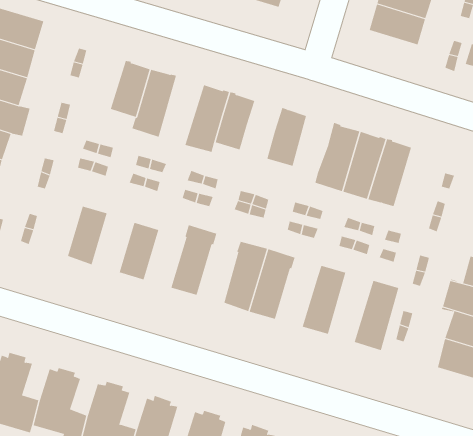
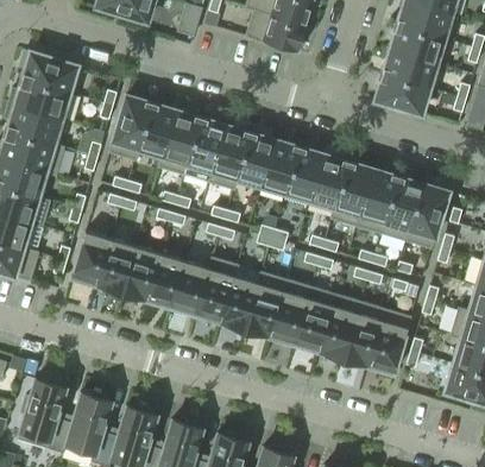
building: none -> [376,75,429,114]
building: none -> [111,96,153,160]
building: none -> [185,118,227,183]
building: none -> [262,141,301,196]
building: none -> [311,156,349,209]
building: none -> [407,185,449,250]
building: none -> [73,233,112,288]
building: none -> [122,247,162,303]
building: none -> [171,263,210,317]
building: none -> [221,277,259,332]
building: none -> [295,299,334,354]
building: none -> [345,303,386,368]

